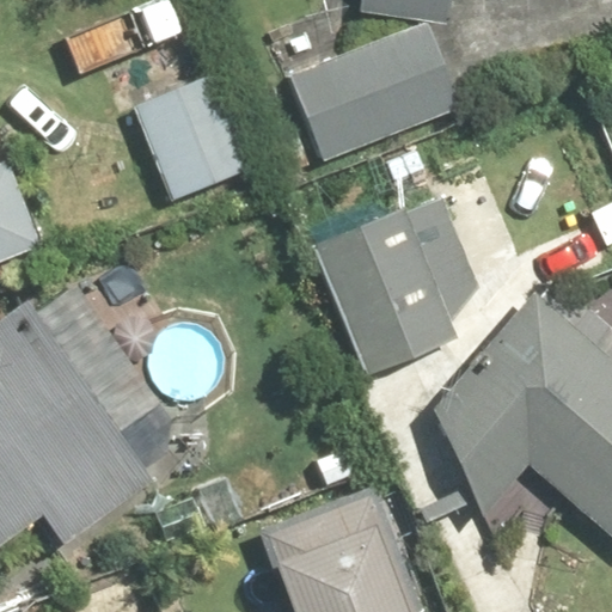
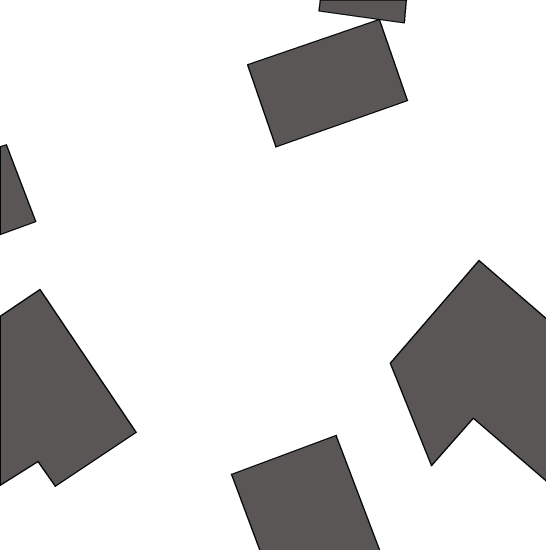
building: [121,71,251,234] -> none
building: [279,155,446,372] -> none

